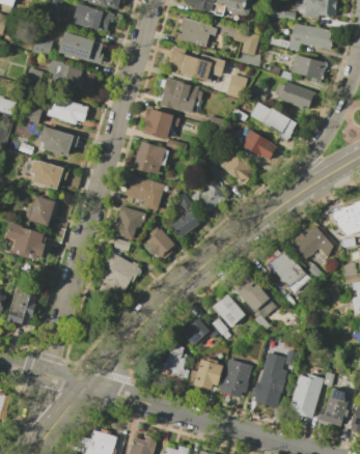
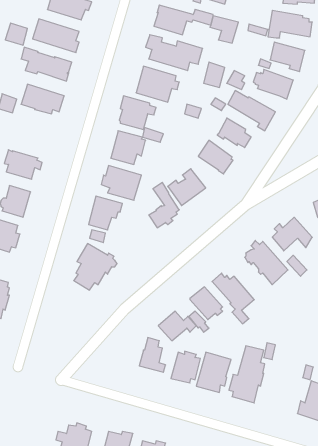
building: [39,126,79,155] -> none
building: [144,226,175,258] -> none
building: [289,373,323,419] -> none

